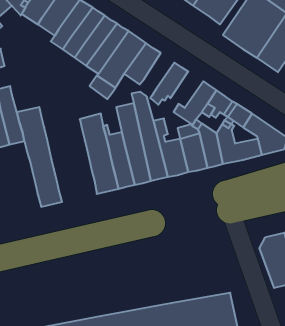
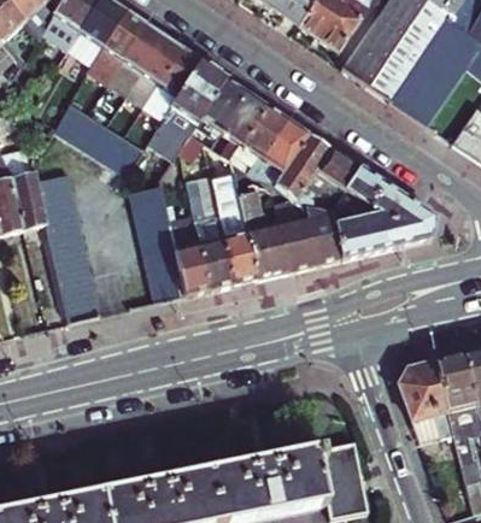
building: none -> [212,93,269,160]
building: none -> [51,100,140,170]
building: none -> [245,121,312,181]

